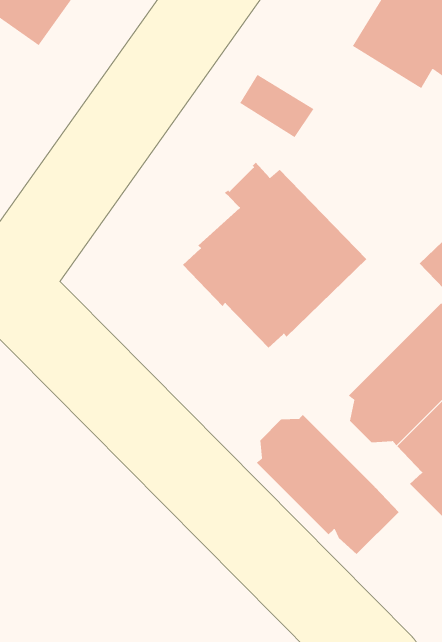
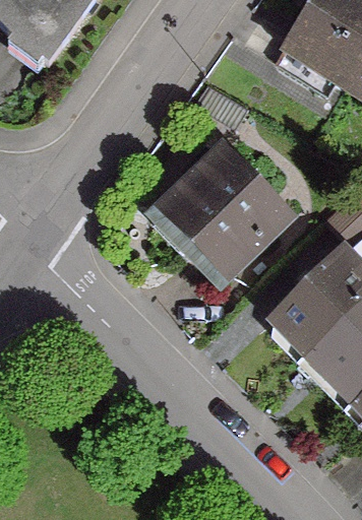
building: [256,414,399,555] -> none

